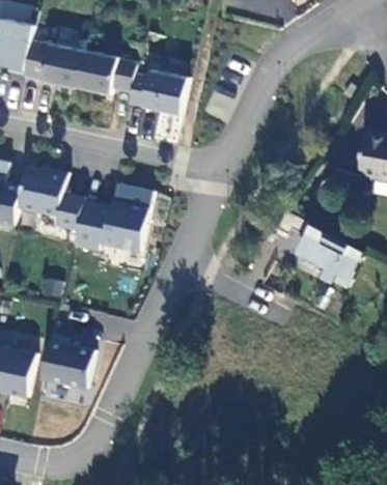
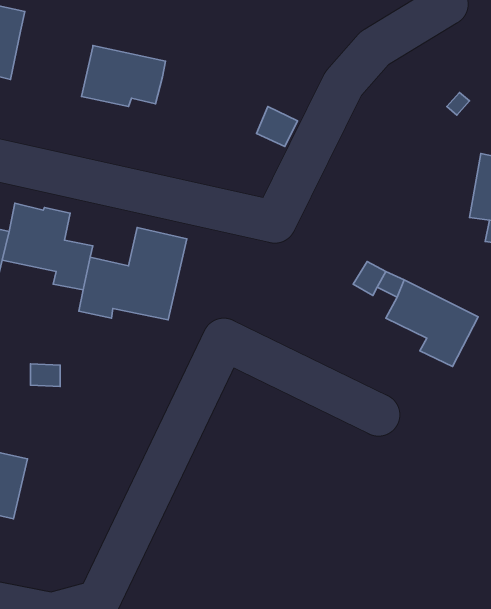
building: [22,40,83,89] -> none
building: [127,70,188,116] -> none
building: [39,333,92,387] -> none

